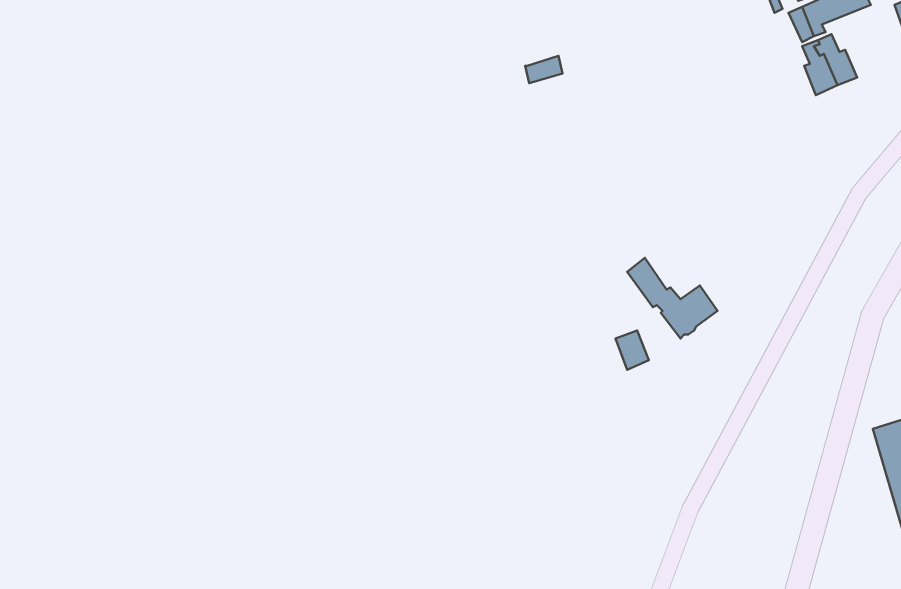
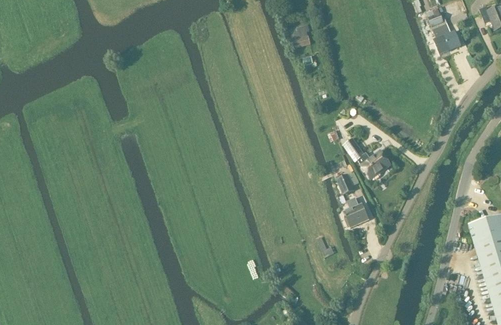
building: none -> [344,197,368,227]

